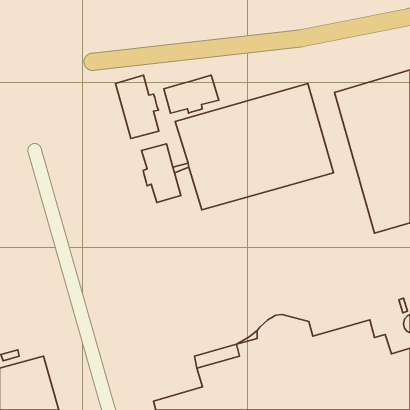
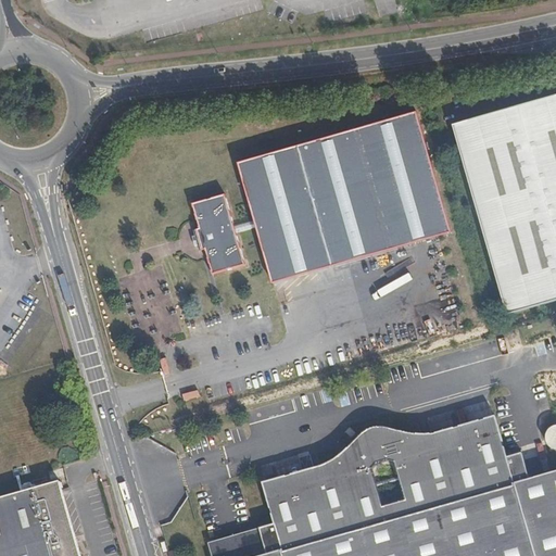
building: [115,75,159,138] -> none
building: [164,75,219,113] -> none
building: none -> [417,415,500,454]

